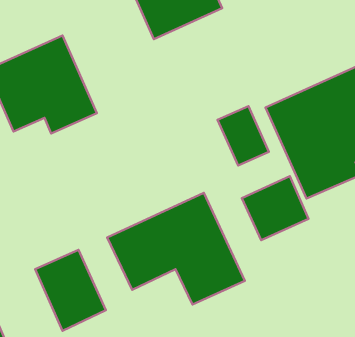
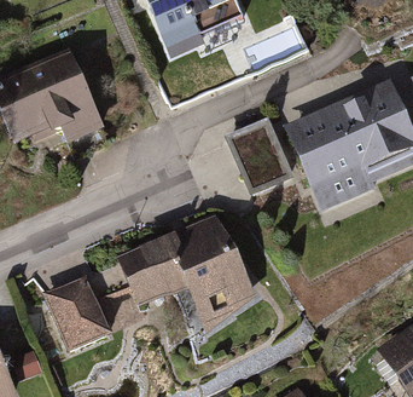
building: [242,176,309,240] -> none

